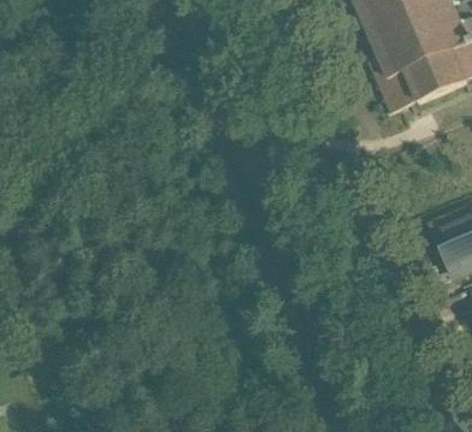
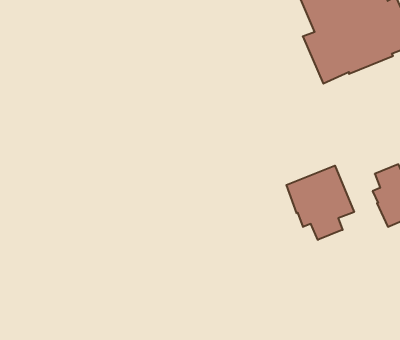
building: none -> [286,166,354,240]

